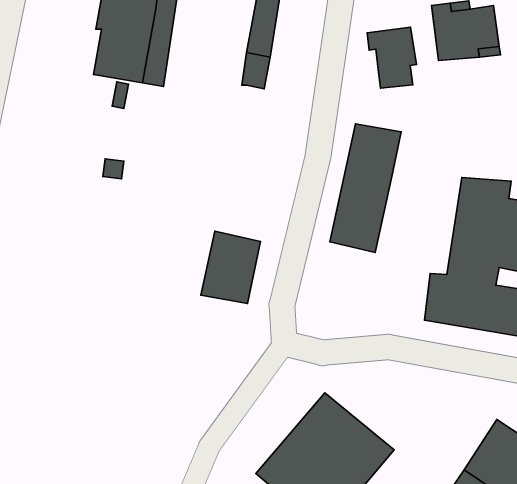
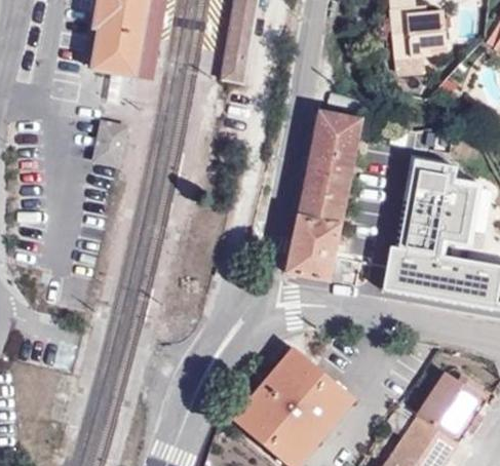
building: [367,27,417,88] -> none
building: [201,231,260,303] -> [286,216,339,279]

